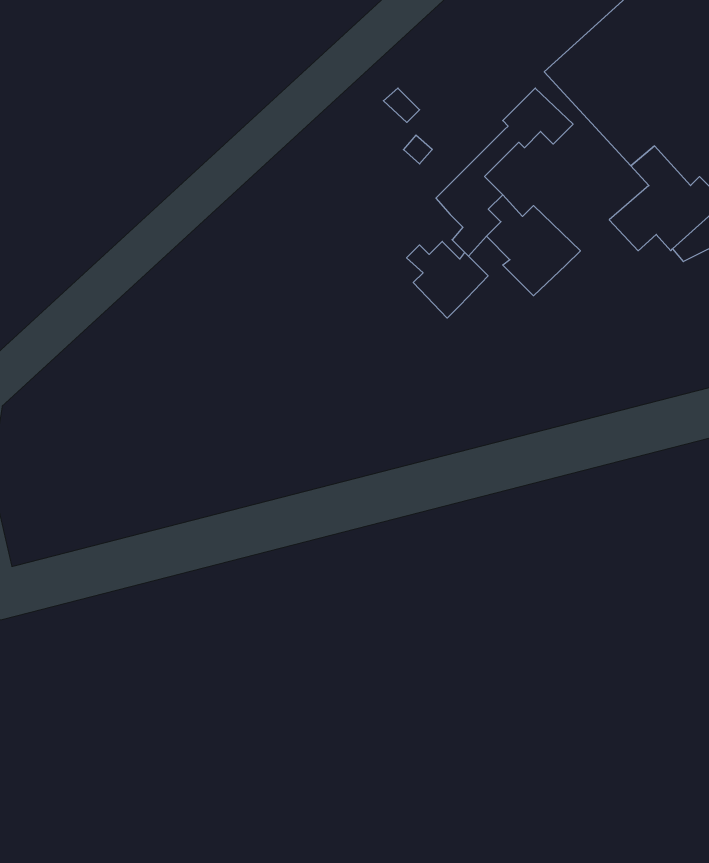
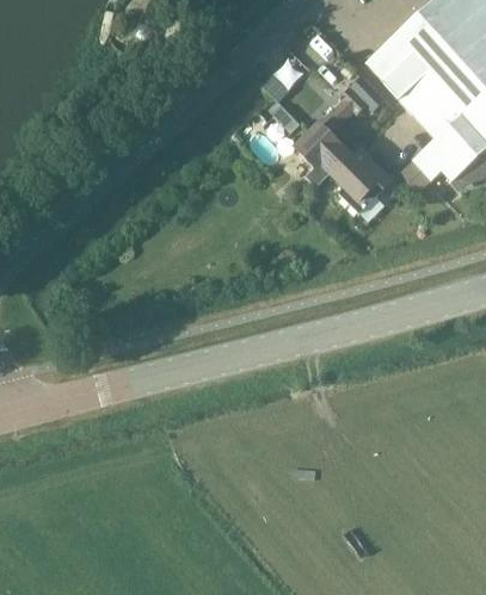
building: [407,241,488,318] -> none

